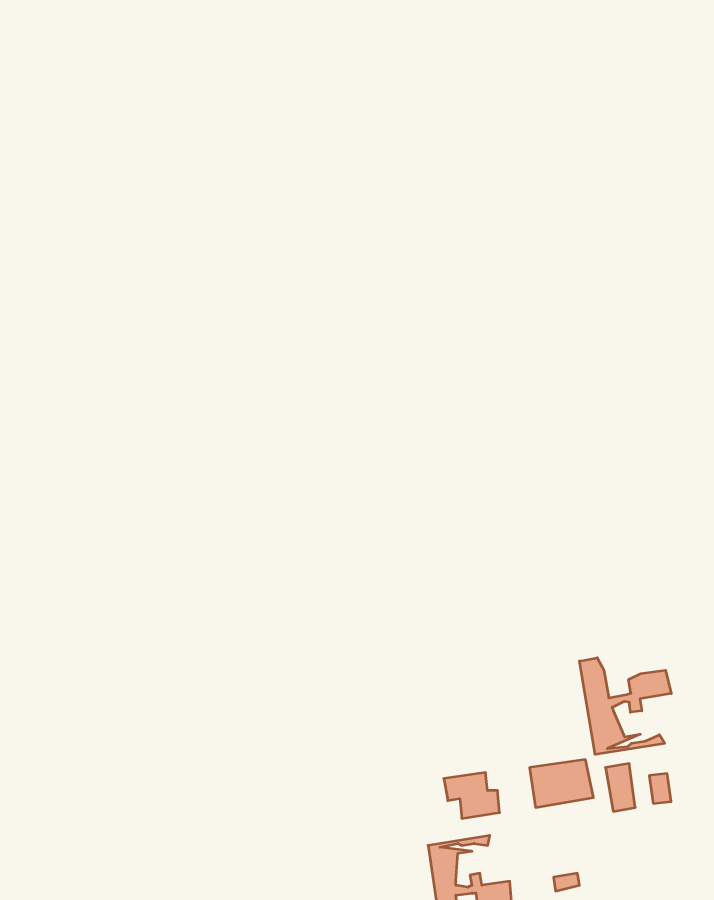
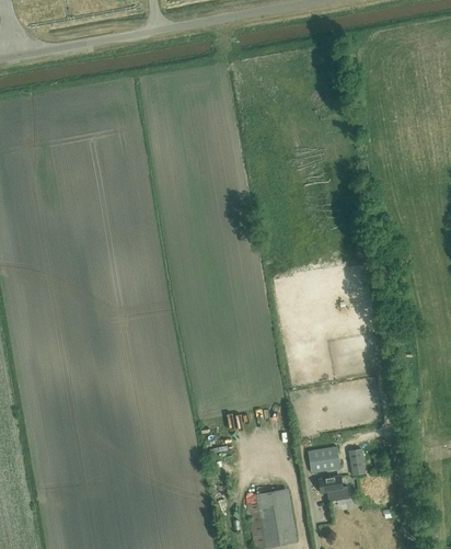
building: [579,658,671,754] -> none
building: [444,773,500,818] -> [319,477,349,502]

